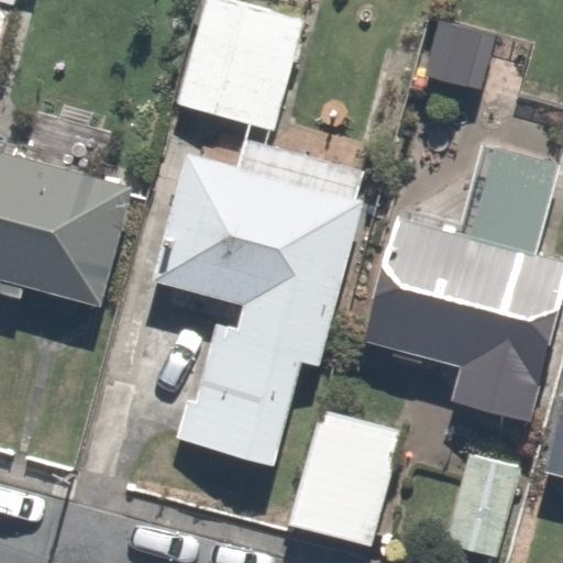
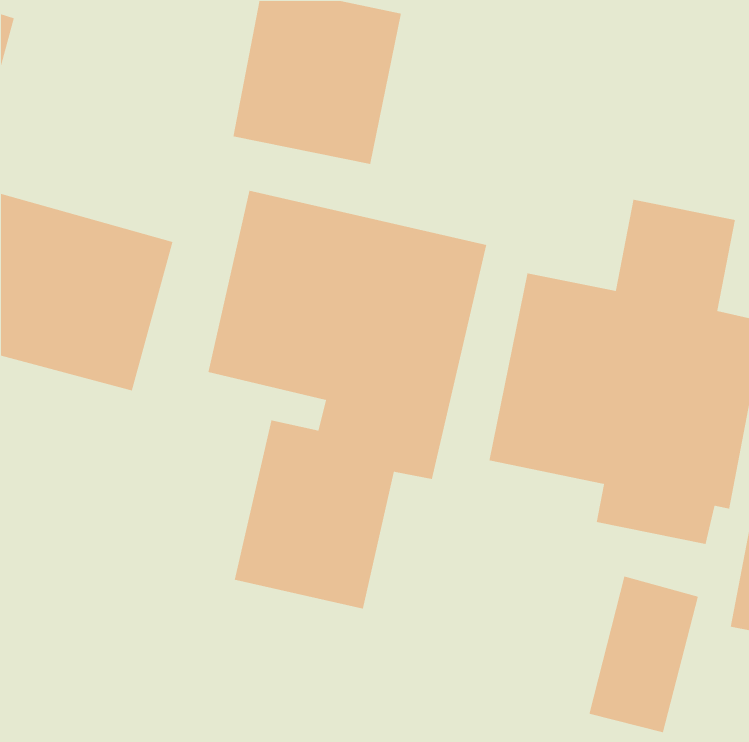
building: [288,406,401,548] -> none

